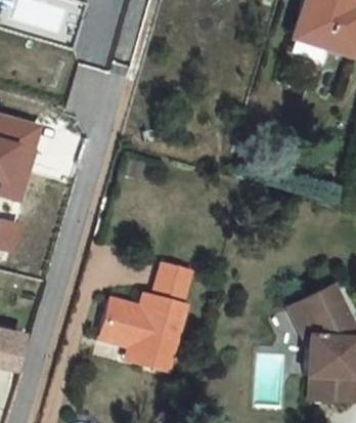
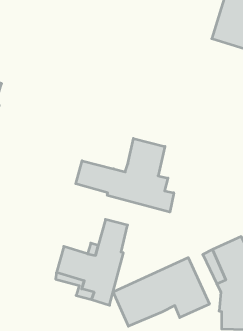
building: none -> [76,138,174,212]
building: none -> [113,258,209,326]

